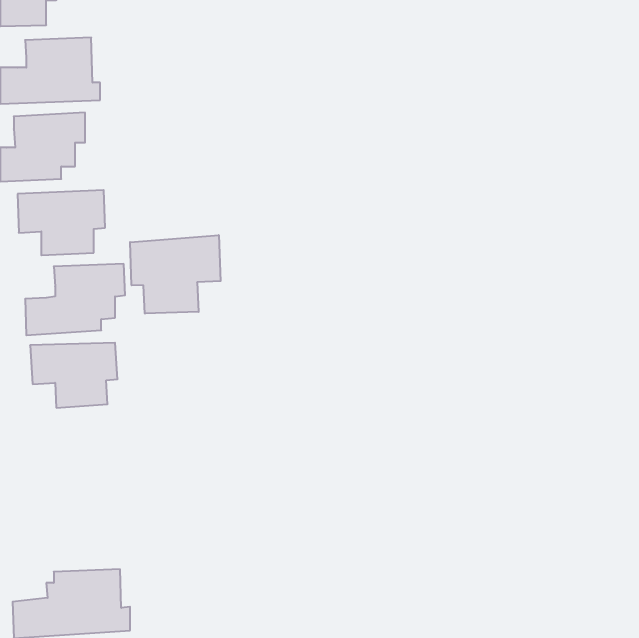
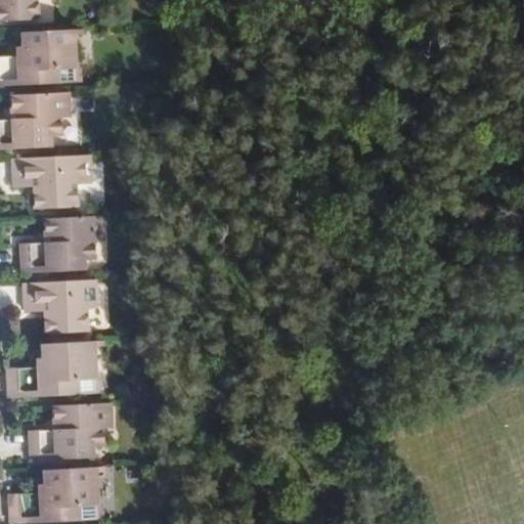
building: [130,235,221,314] -> none
building: none -> [9,340,102,396]
building: none -> [32,401,115,456]

